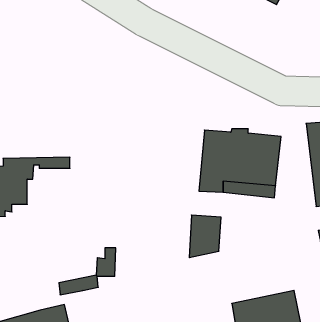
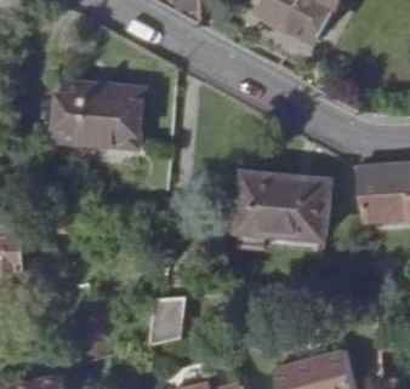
building: none -> [55,85,141,149]
building: [189,215,221,258] -> [154,296,189,343]

